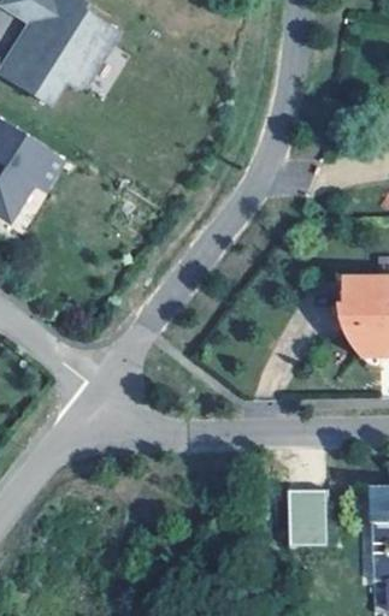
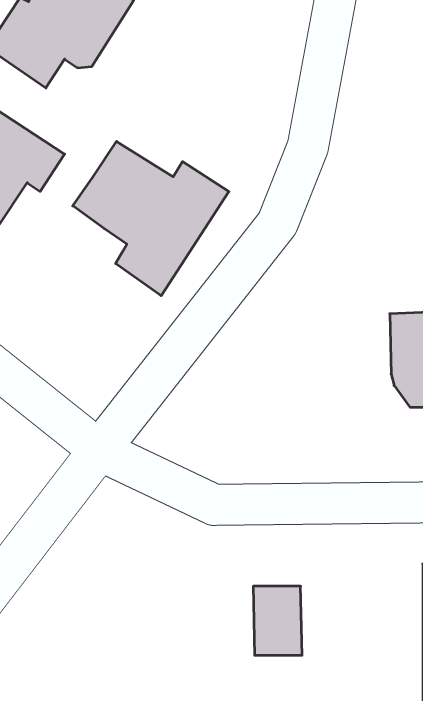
building: none -> [73,141,229,296]
building: [287,500,328,558] -> [253,586,302,655]

